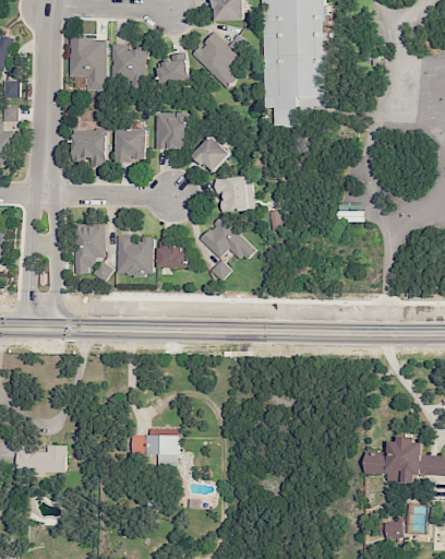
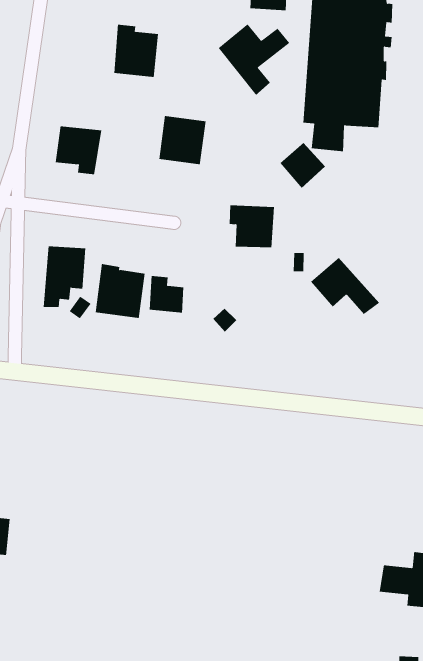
building: [69,38,106,91] -> none
building: [158,52,188,82] -> none
building: [116,129,146,163] -> none
building: [192,135,229,173] -> [279,142,326,189]
building: [199,217,255,261] -> [310,257,380,315]
building: [130,427,178,471] -> none

